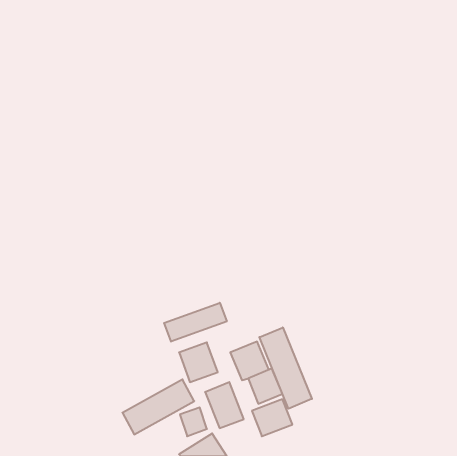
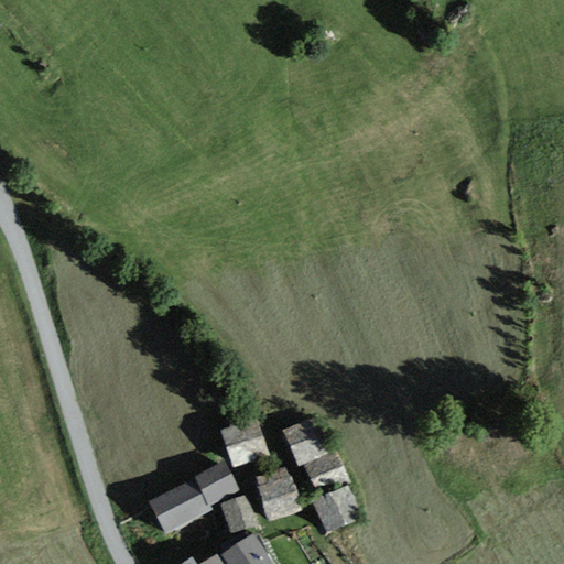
building: [164,303,227,342] -> none
building: [259,327,312,409] -> none

